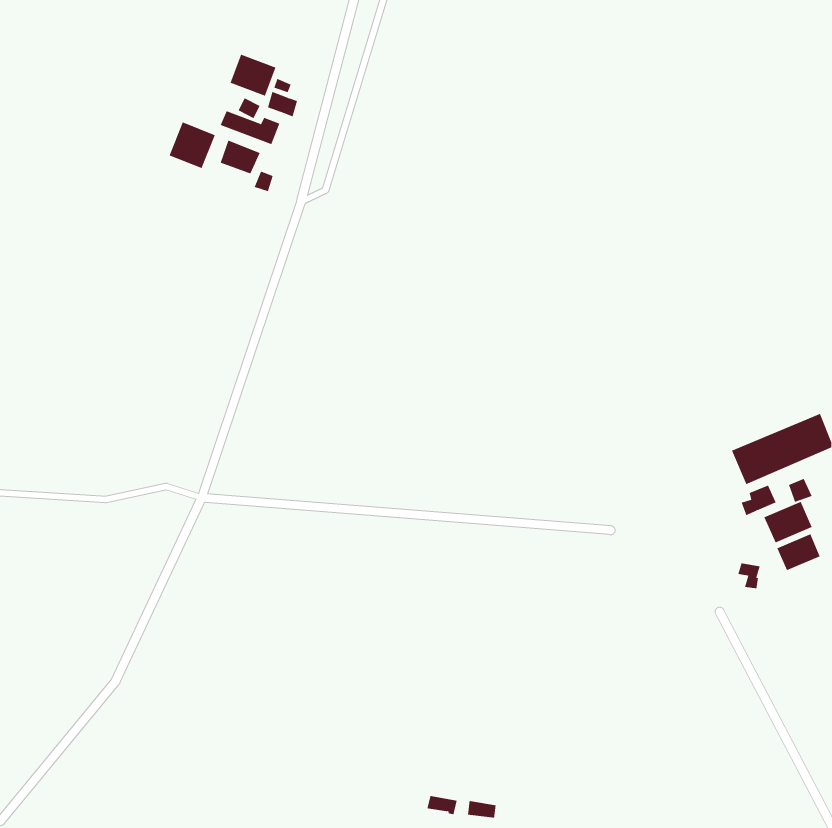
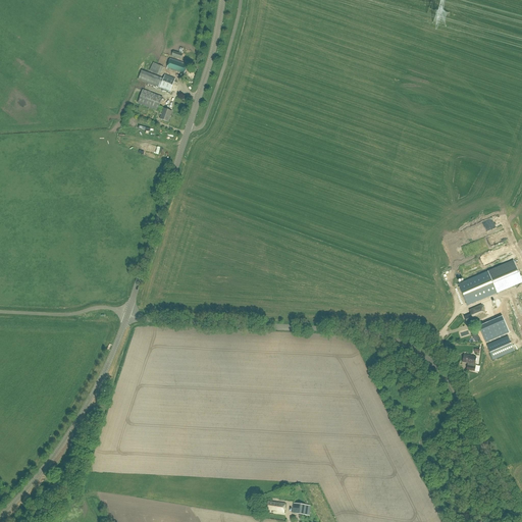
building: [230,54,276,96] -> none
building: [169,122,215,169] -> none

